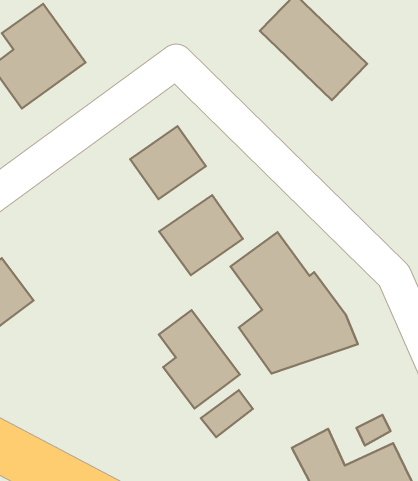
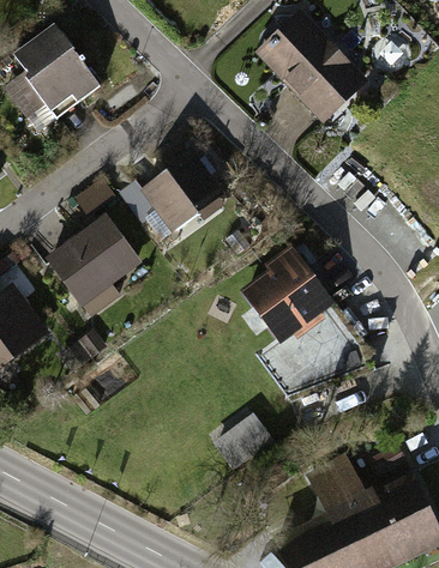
building: [159,195,243,275] -> [50,217,136,298]
building: [159,310,240,409] -> none

